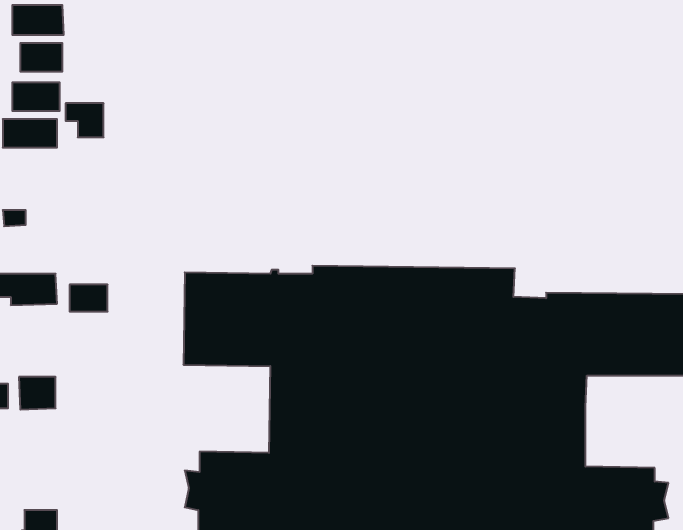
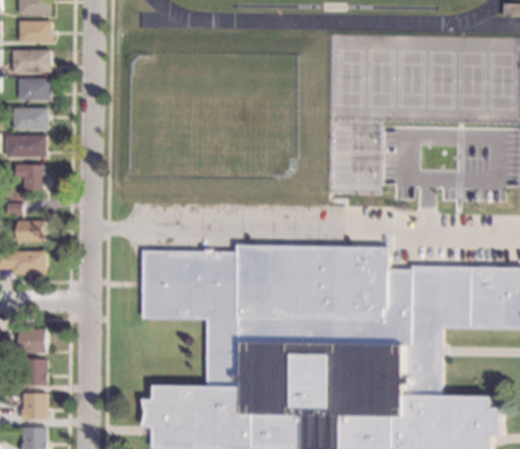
building: [66,103,104,137] -> [15,164,44,189]
building: [70,285,108,312] -> [17,220,46,241]
building: none -> [13,359,48,385]
building: none -> [21,393,47,419]

